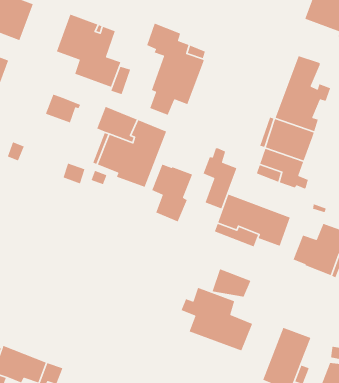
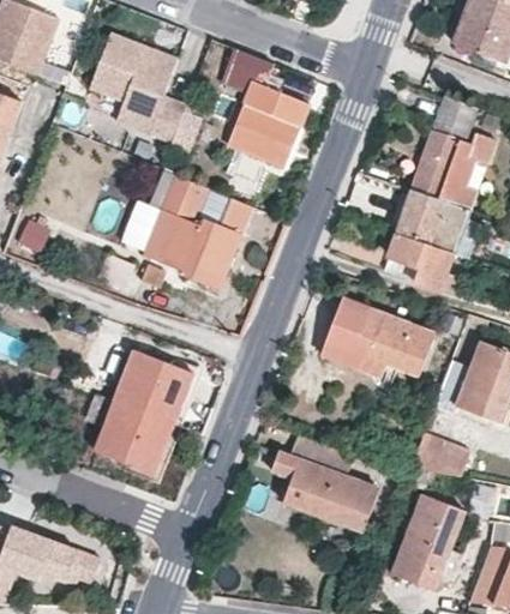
building: [45,93,81,124] -> none
building: [202,148,238,210] -> none
building: [151,164,193,222] -> none
building: none -> [88,351,192,471]
building: [211,268,252,298] -> [409,434,468,477]

